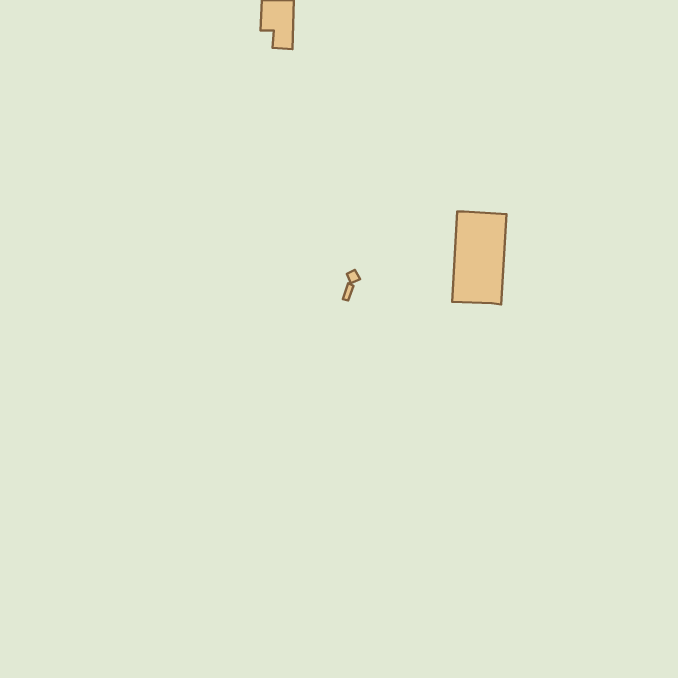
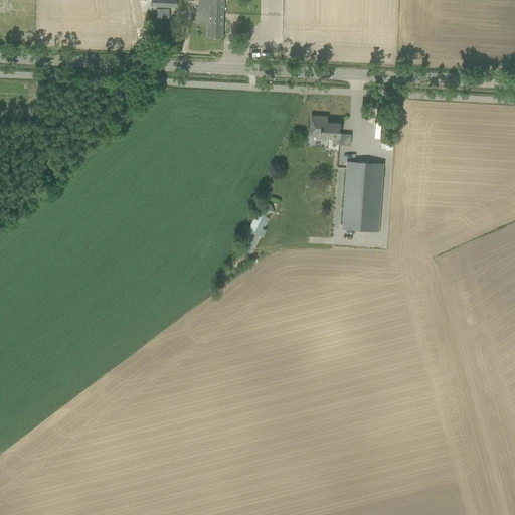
building: none -> [310,117,340,139]

